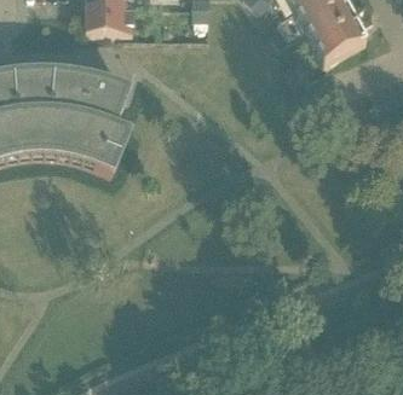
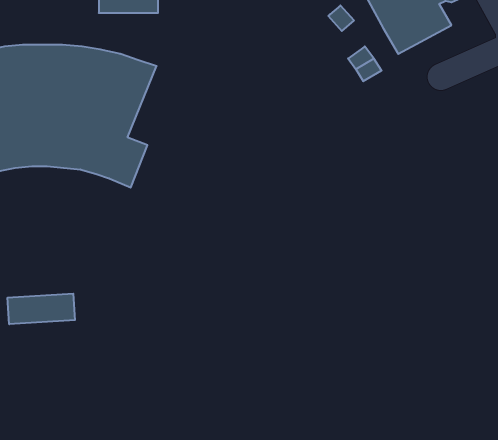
building: none -> [8,294,75,324]

